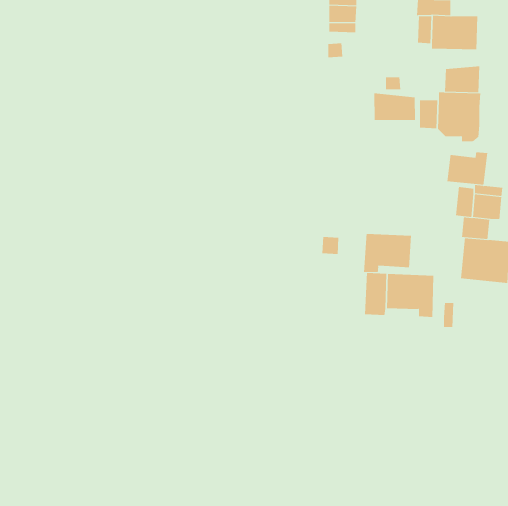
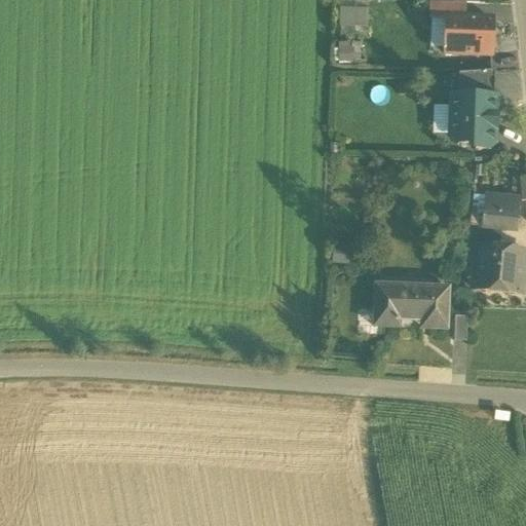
building: [374,93,415,121] -> none
building: [447,152,488,186] -> none
building: [364,233,412,273] -> none

